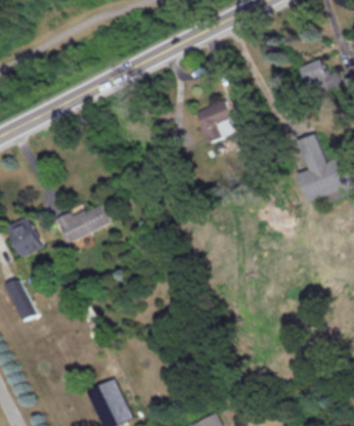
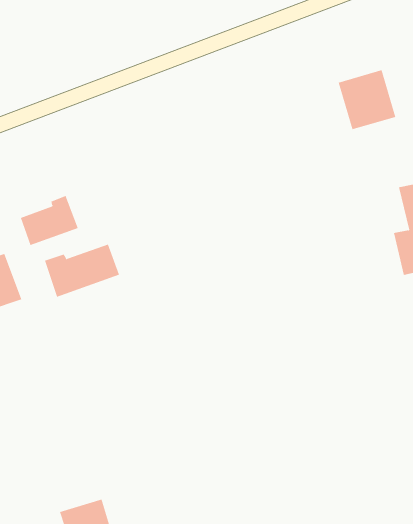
building: [194,99,237,143] -> [338,70,396,130]
building: none -> [20,195,79,246]

